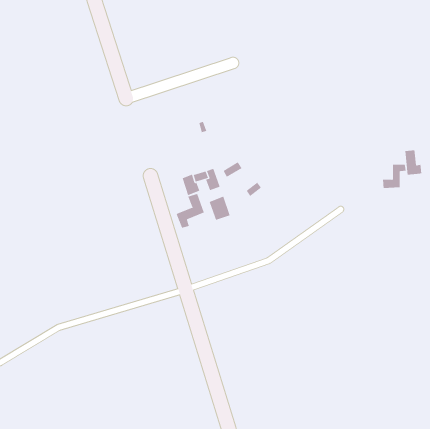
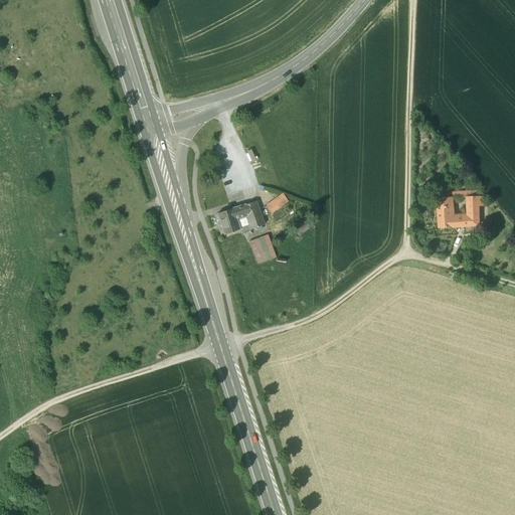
building: [404,150,422,175] -> [437,197,458,227]
building: [176,193,204,229] -> none

